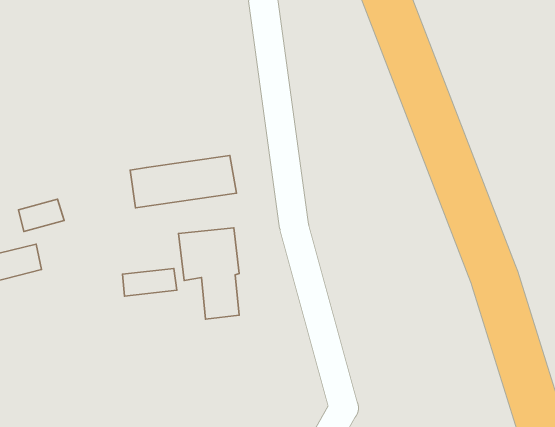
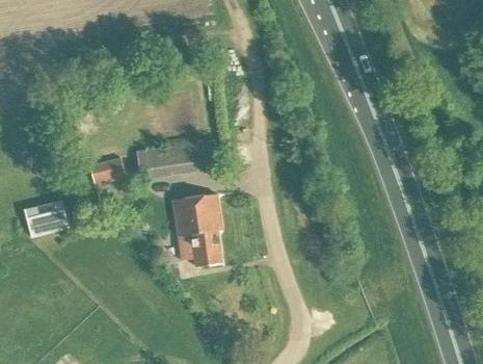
building: [19,199,64,231] -> [90,158,126,183]
building: [123,269,177,296] -> none

